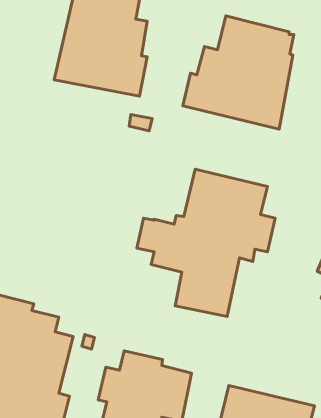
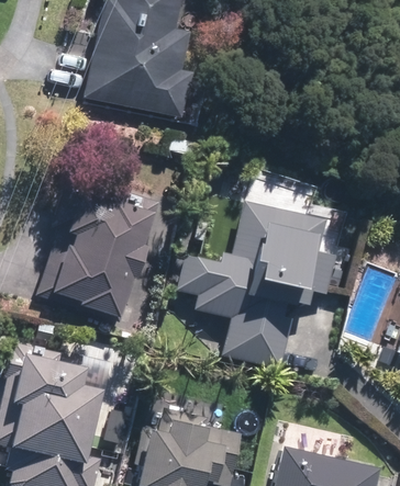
building: [183,16,294,129] -> none
building: none -> [36,181,159,324]

